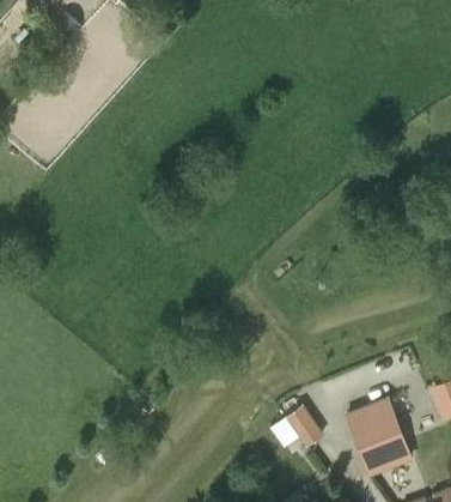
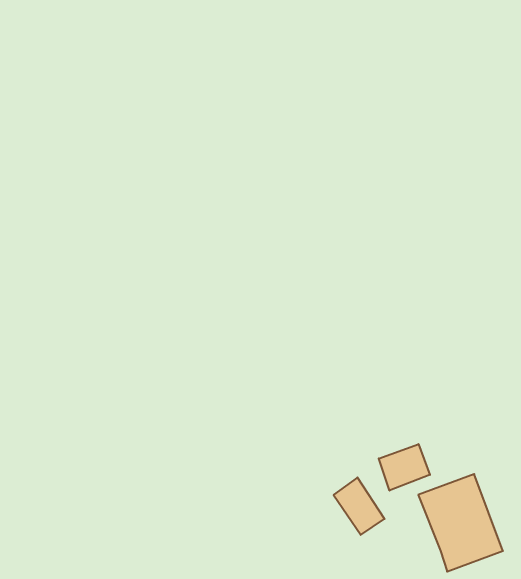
building: none -> [379,444,430,491]

